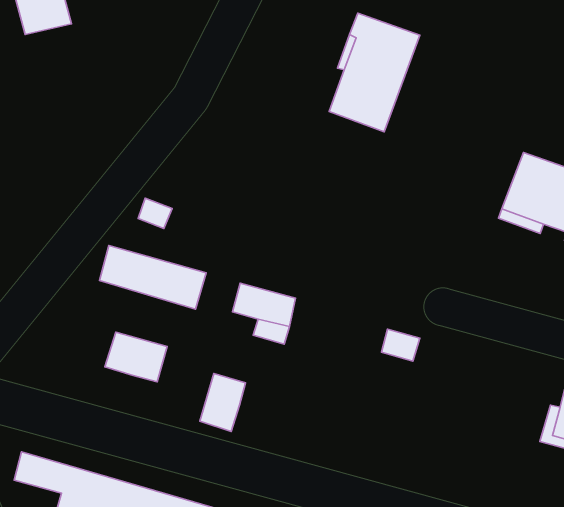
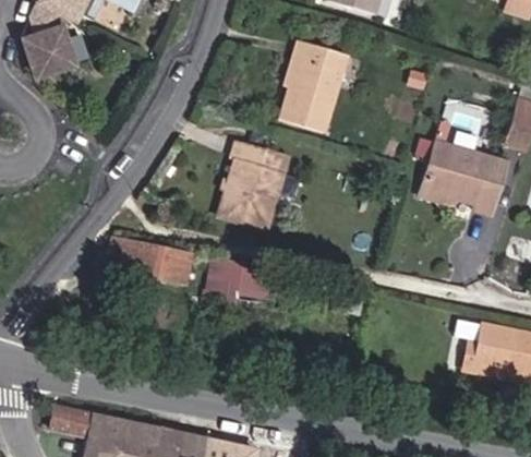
building: none -> [219,142,288,229]
building: [105,332,167,382] -> none
building: [200,374,246,432] -> none

